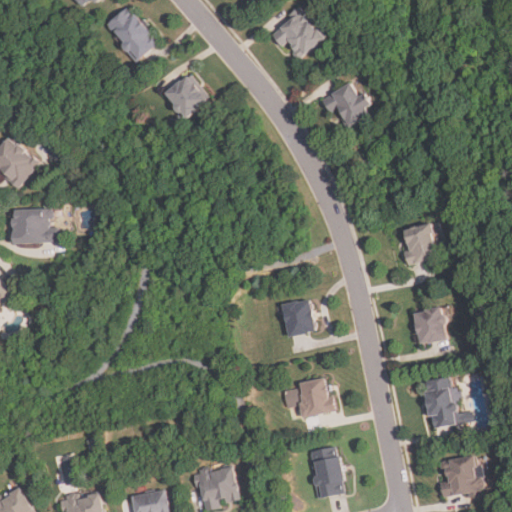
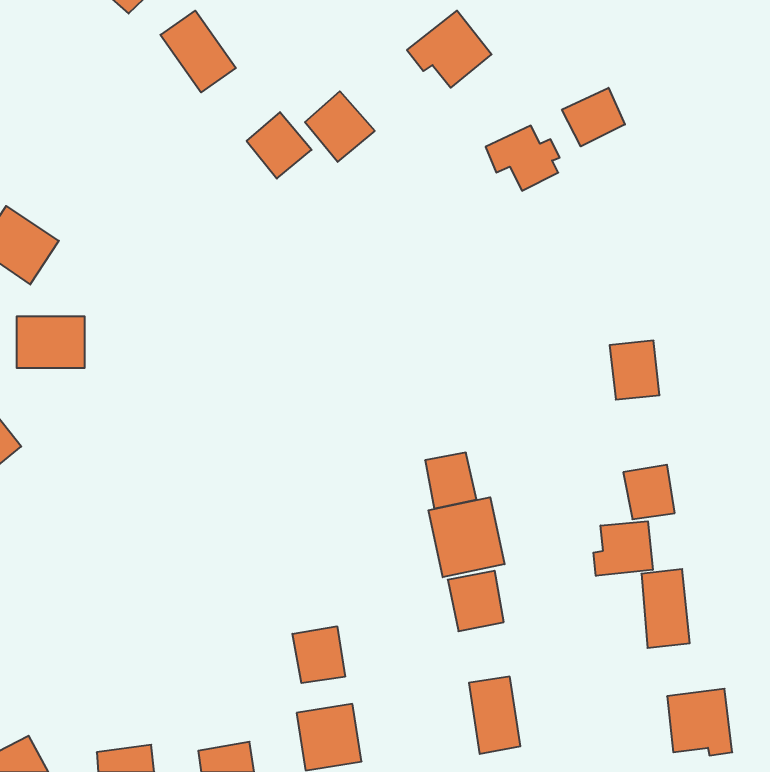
building: none -> [562,88,625,146]
building: none -> [305,91,375,162]
building: none -> [428,497,505,577]
building: none -> [593,521,653,576]
building: none -> [292,626,345,683]

